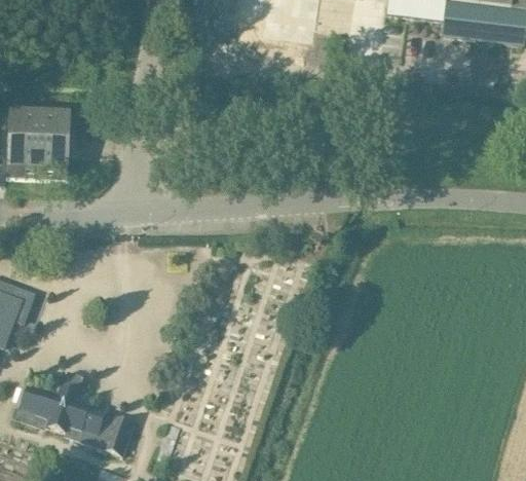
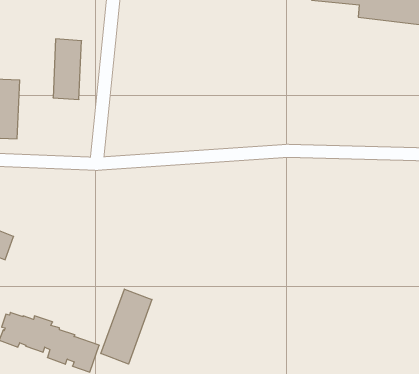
building: [35,107,69,179] -> [53,39,82,99]
building: none -> [101,289,152,364]

